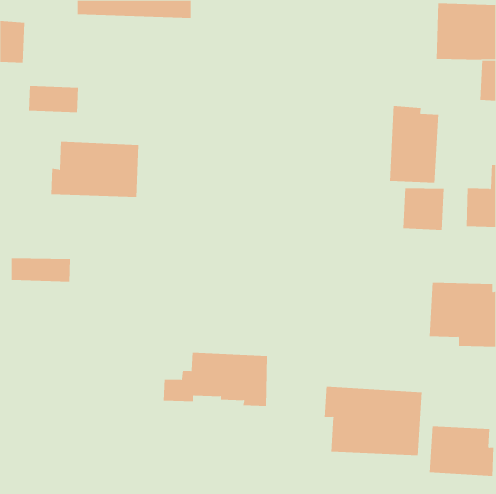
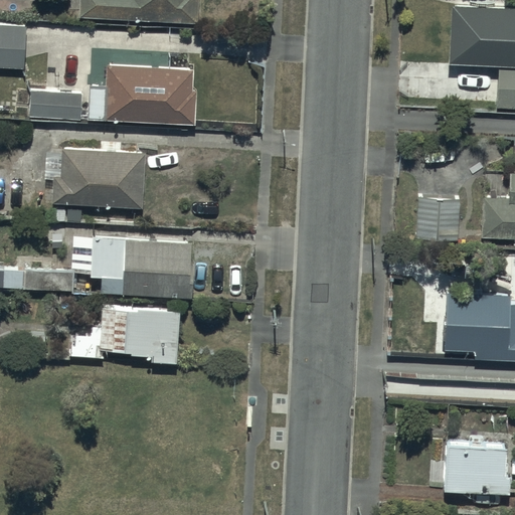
building: none -> [88,65,197,124]
building: [390,105,439,184] -> none
building: none -> [92,235,193,296]
building: [163,352,268,407] -> [70,307,179,363]
building: [324,386,422,456] -> none

